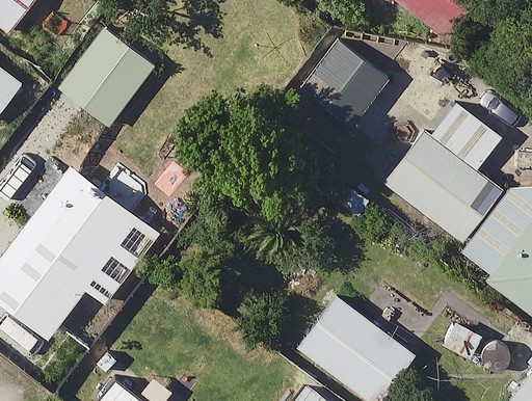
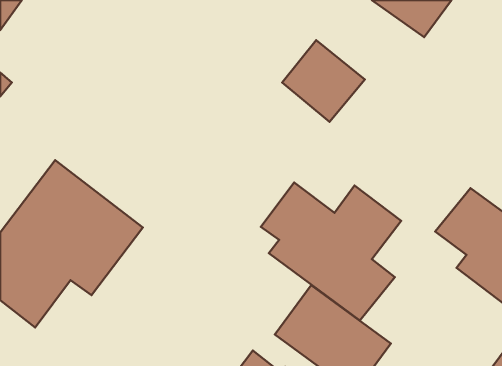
building: [57,25,162,131] -> none
building: [358,99,503,241] -> [261,183,401,321]

